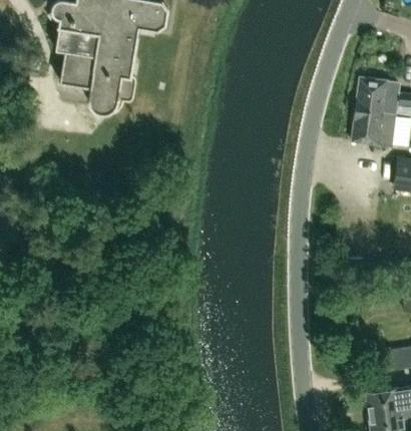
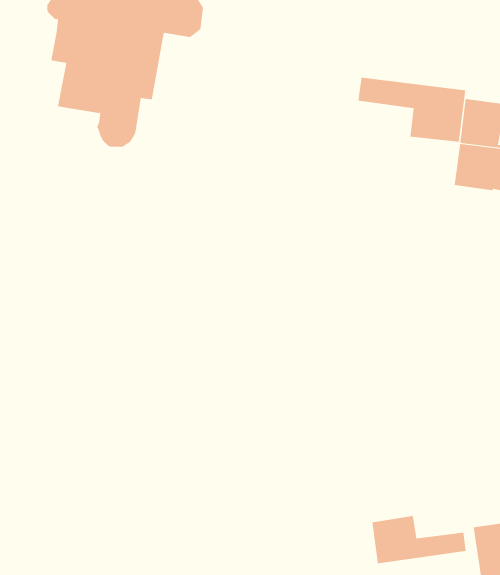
building: none -> [358,77,466,143]
building: none -> [372,515,466,564]

